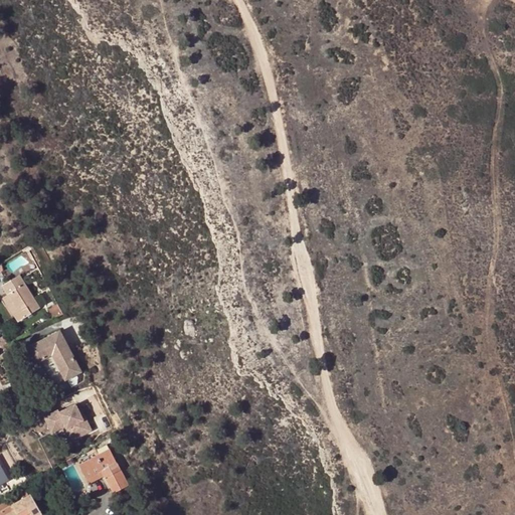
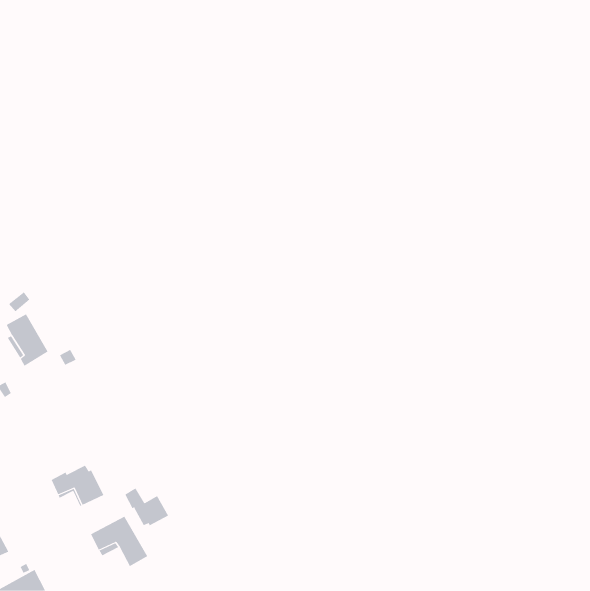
building: [27,331,80,385] -> none
building: none -> [125,488,169,526]

